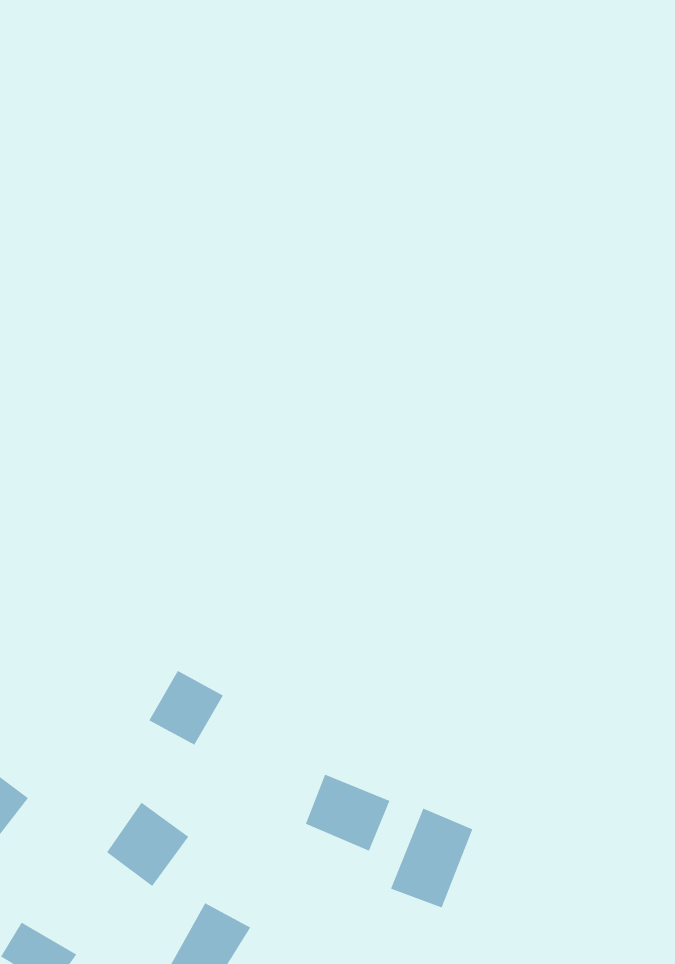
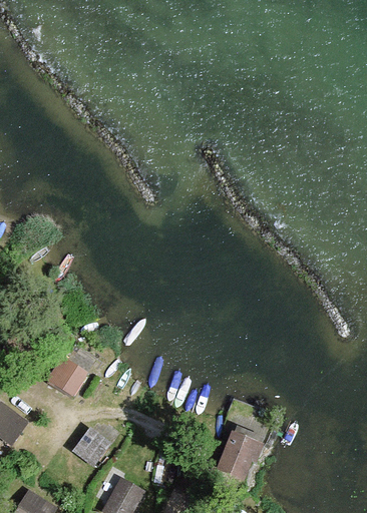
building: [149,670,224,746] -> [46,356,85,395]
building: [305,774,390,851] -> none

